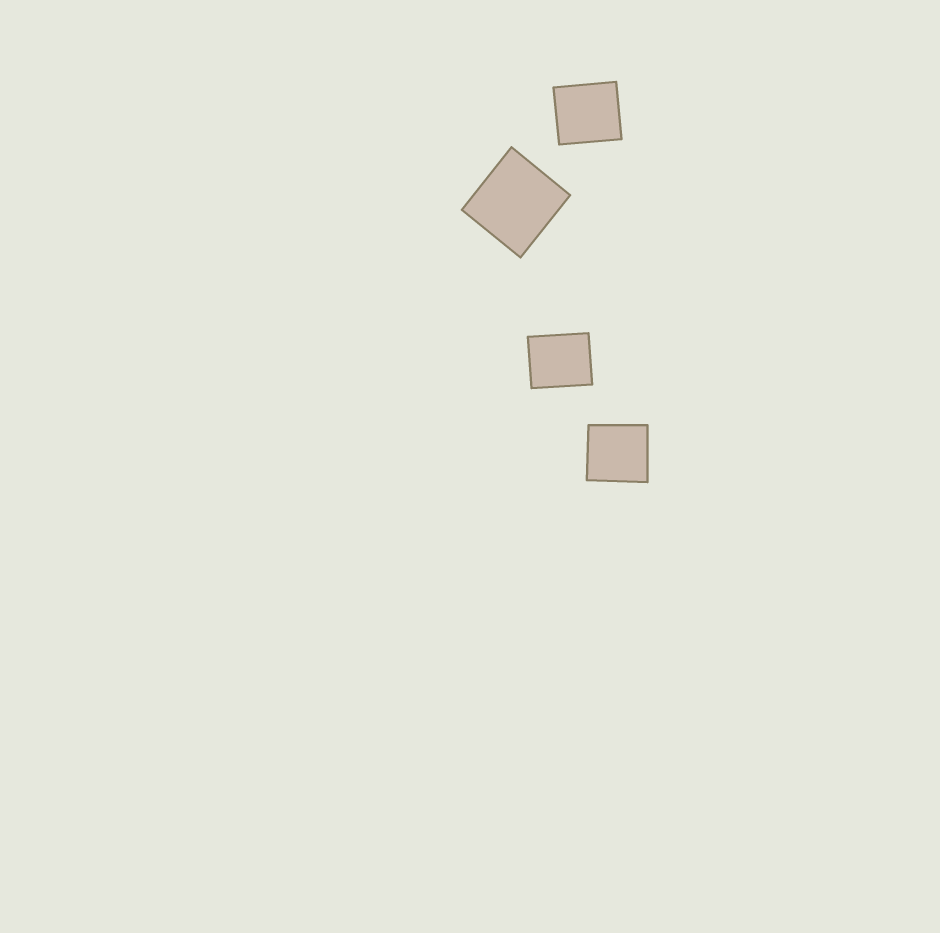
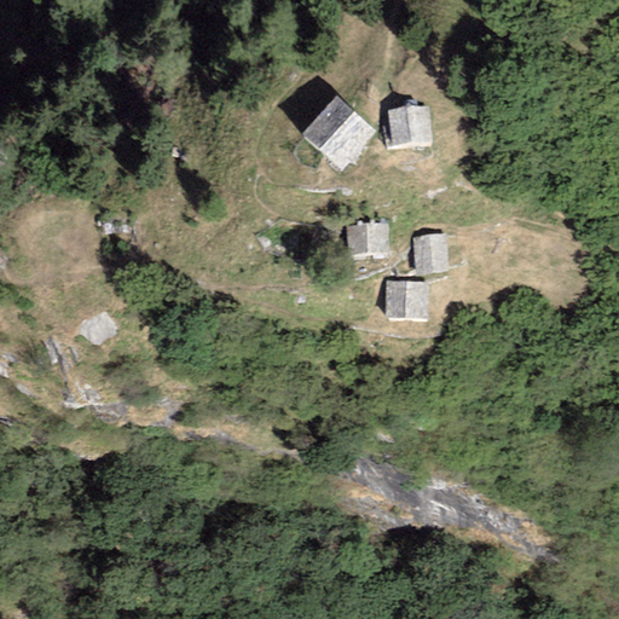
building: [554,82,622,145] -> [386,105,430,146]
building: none -> [412,232,445,272]

